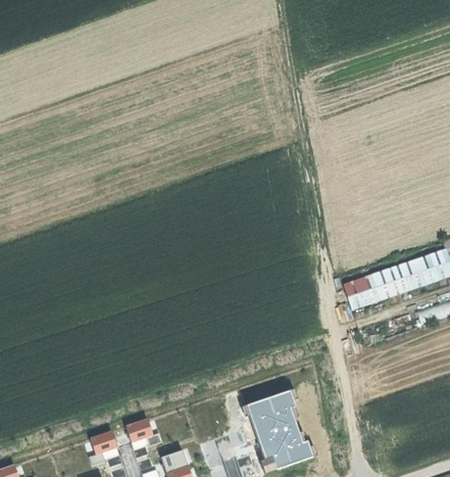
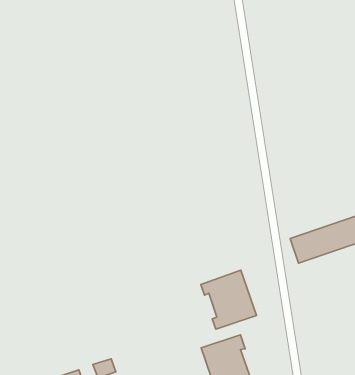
building: none -> [201,270,256,329]

